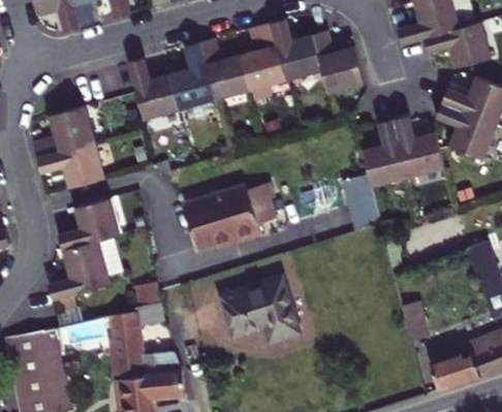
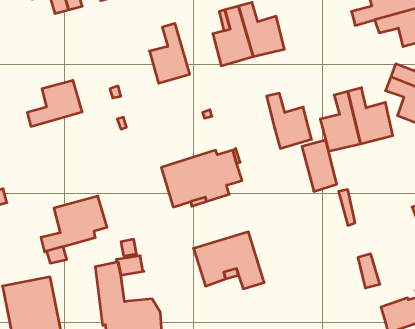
building: [312,32,363,94] -> [267,93,312,148]
building: [198,39,250,100] -> none
building: [127,59,180,121] -> none
building: [36,142,104,189] -> none
building: [58,199,120,251] -> none

